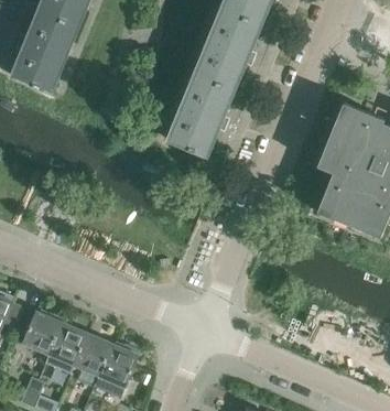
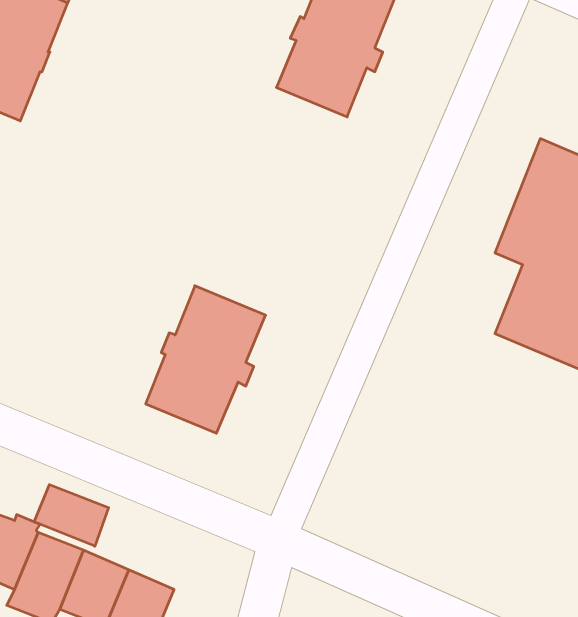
building: [166,74,234,156] -> [146,286,266,433]
building: none -> [34,485,109,546]

